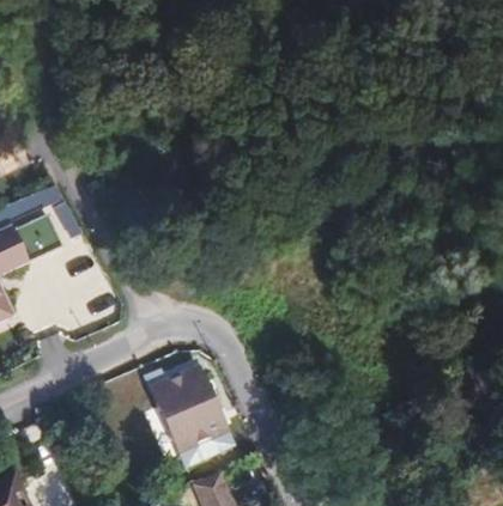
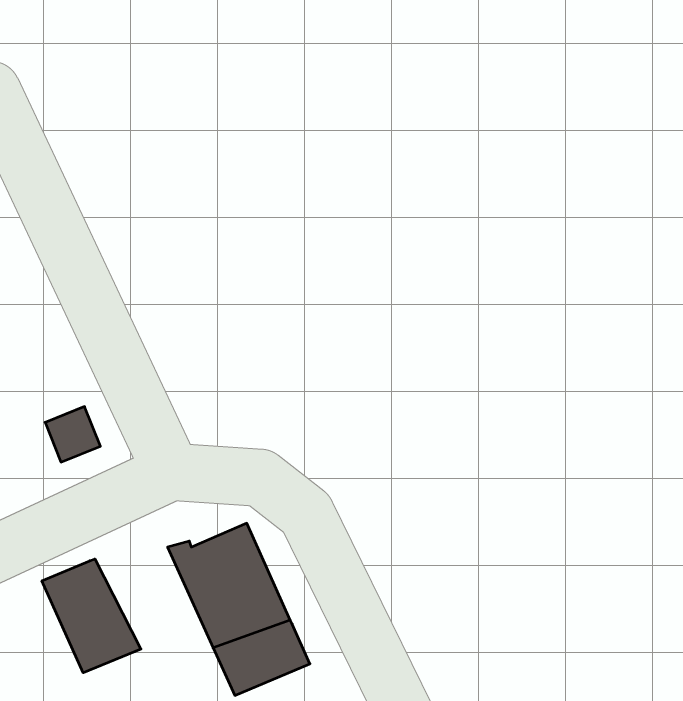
building: none -> [42,559,141,673]

